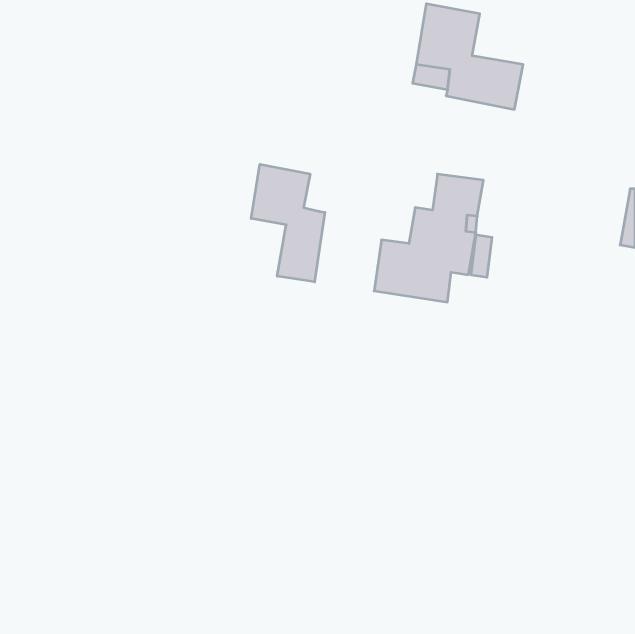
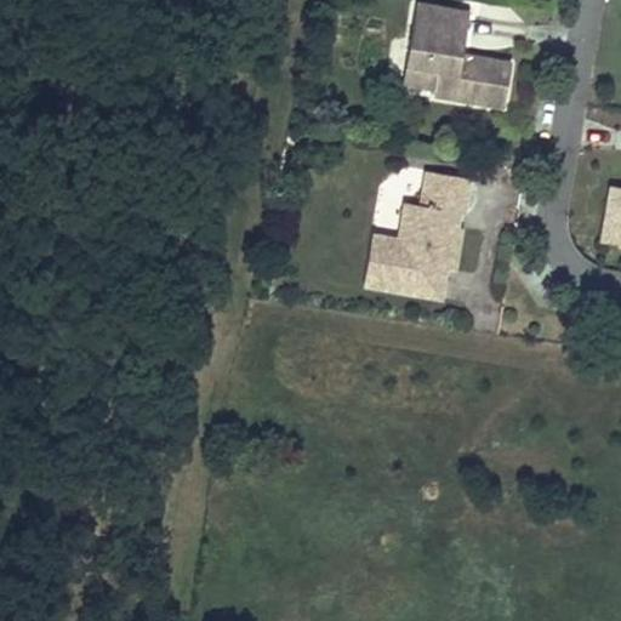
building: [251,164,325,282] -> none

